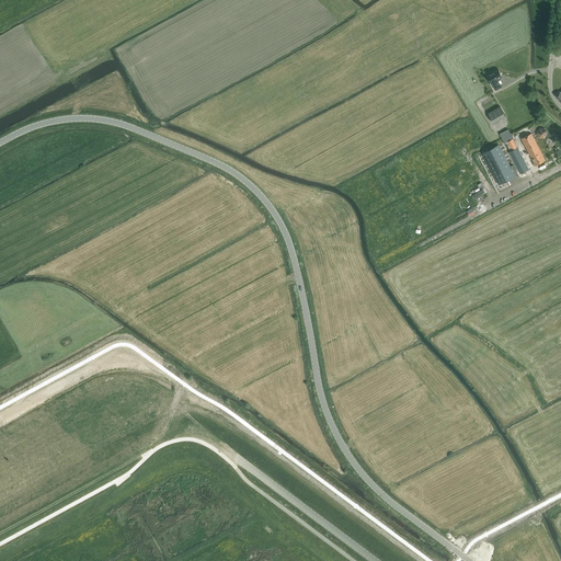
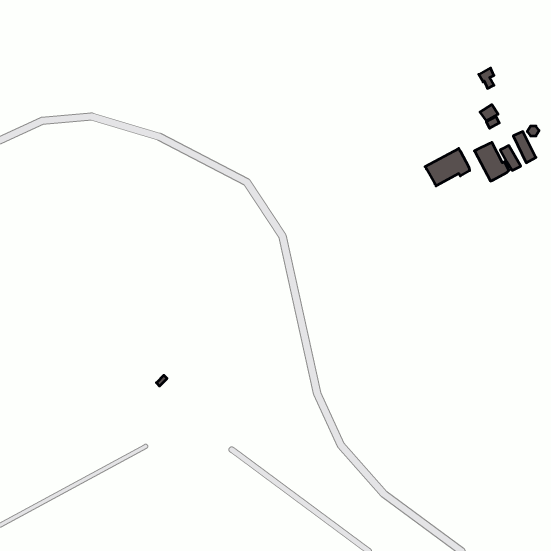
building: none -> [425,148,470,186]

